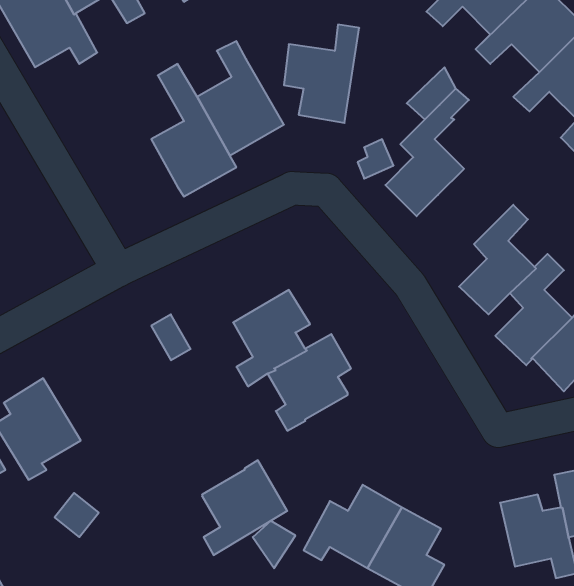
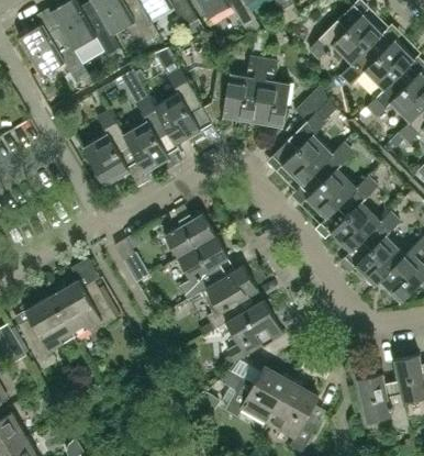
building: none -> [254,59,291,127]
building: none -> [85,110,142,187]
building: none -> [306,145,358,219]
building: none -> [166,212,216,257]
building: none -> [52,279,116,336]
building: [202,460,287,555] -> [227,299,284,363]

